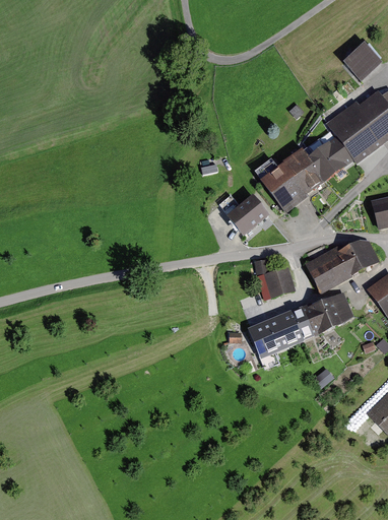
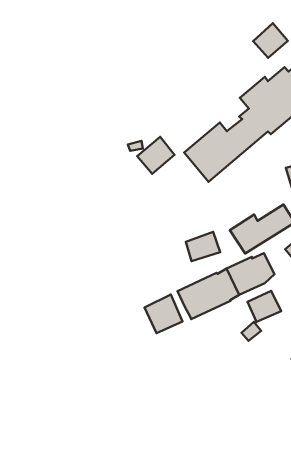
building: [225,195,266,235] -> [137,137,174,174]
building: none -> [145,295,182,333]
building: none -> [248,291,281,322]

